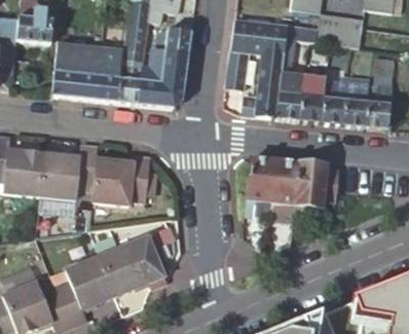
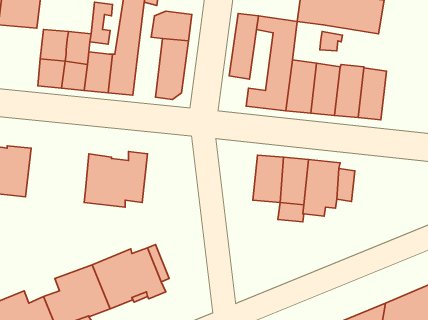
building: [137,49,163,104] -> none
building: [362,81,391,127] -> none
building: [39,143,98,197] -> none

